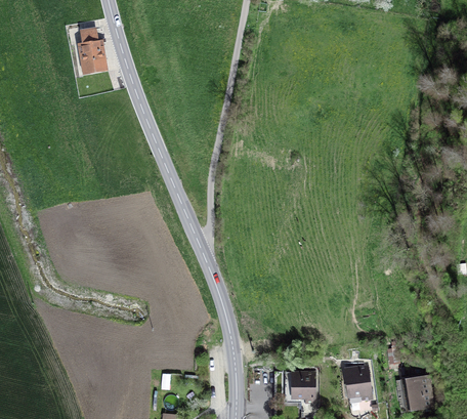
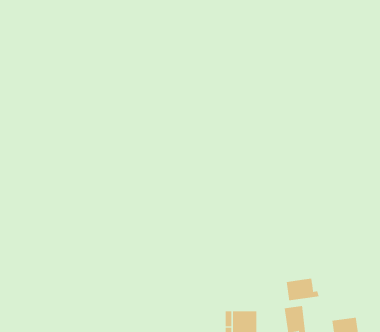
building: [81,29,104,72] -> none
building: none -> [286,278,319,301]

